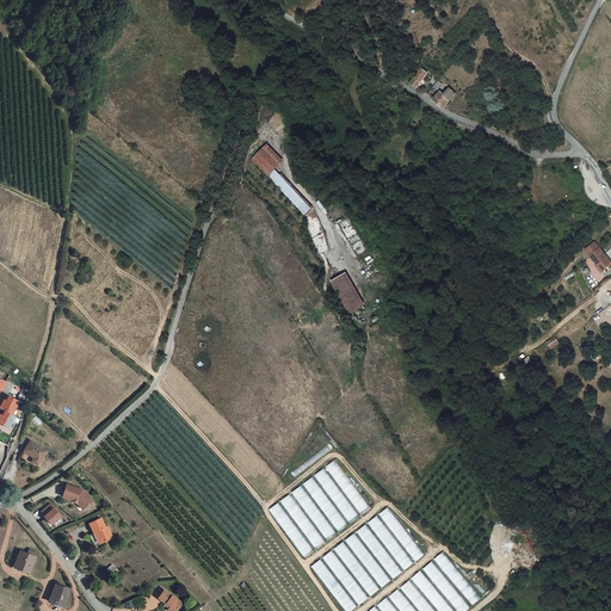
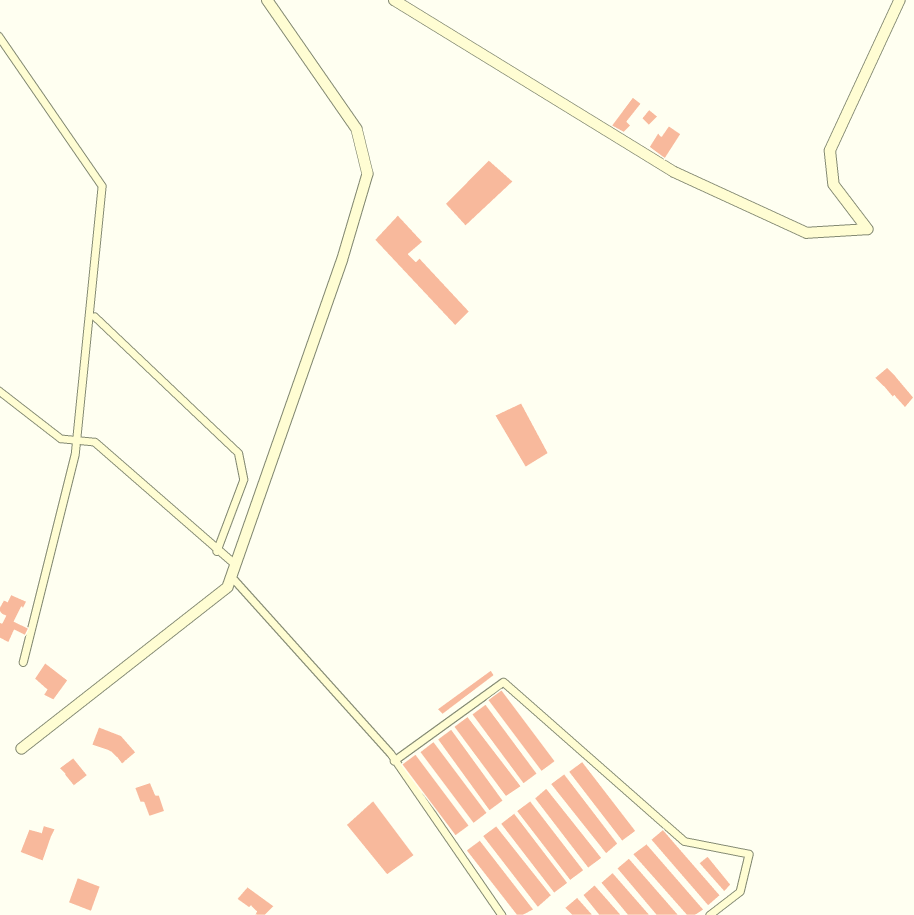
building: none -> [445,160,513,226]
building: none -> [346,801,414,875]

